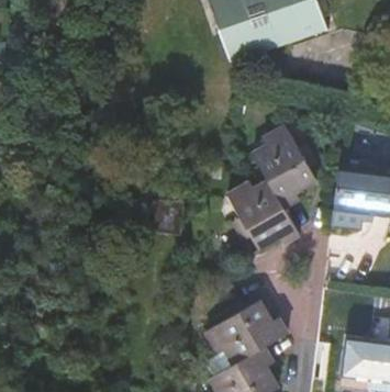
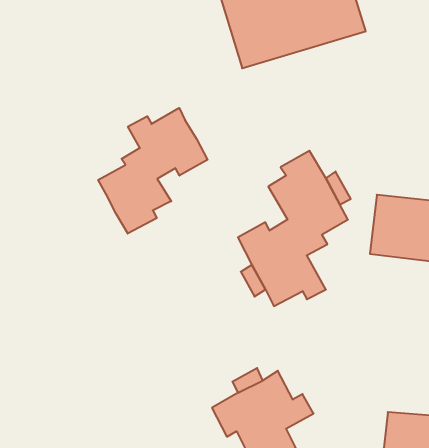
building: none -> [98,108,208,234]

